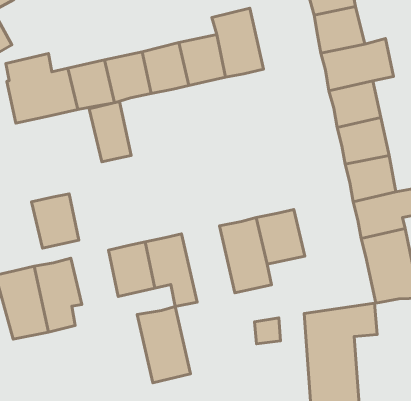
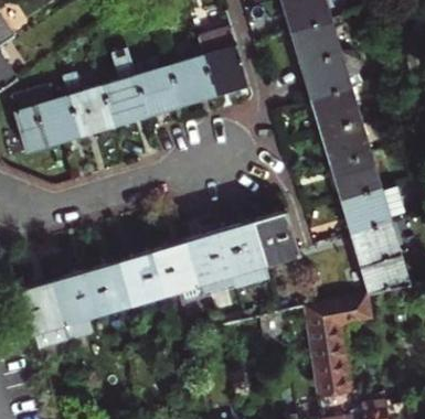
building: [89,102,131,162] -> none
building: [31,194,79,248] -> [85,262,131,314]
building: [137,307,191,383] -> [185,233,238,304]

